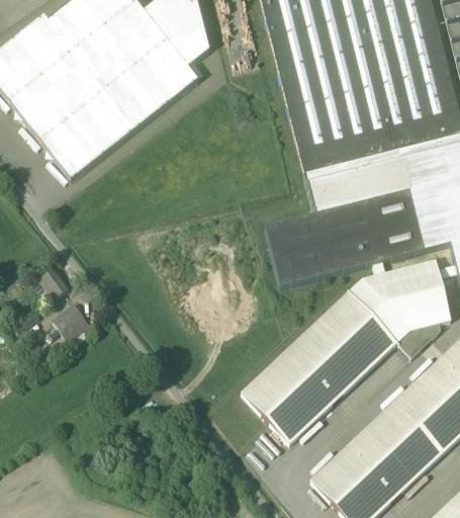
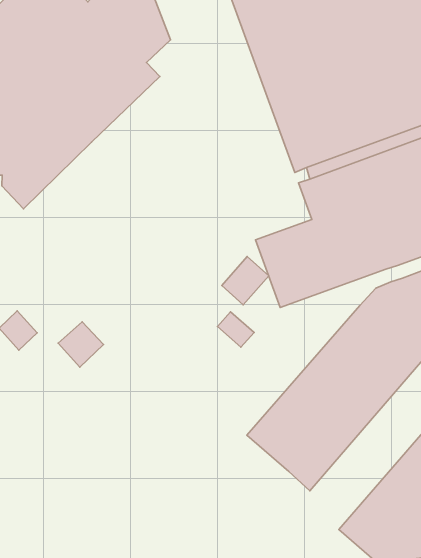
building: none -> [222,257,269,305]
building: none -> [217,312,254,347]
building: [52,301,90,340] -> [58,322,104,367]

